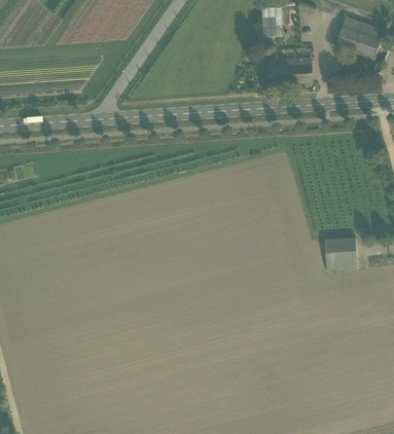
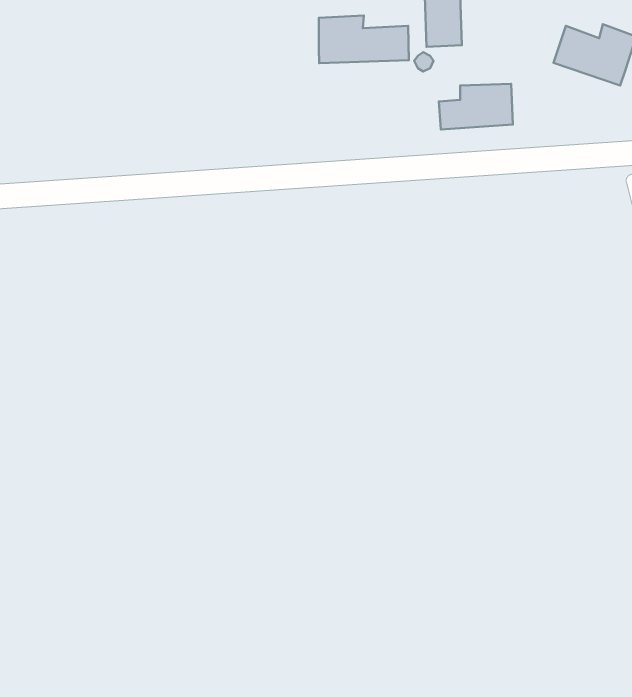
building: none -> [319,16,409,63]
building: [324,237,357,269] -> none

